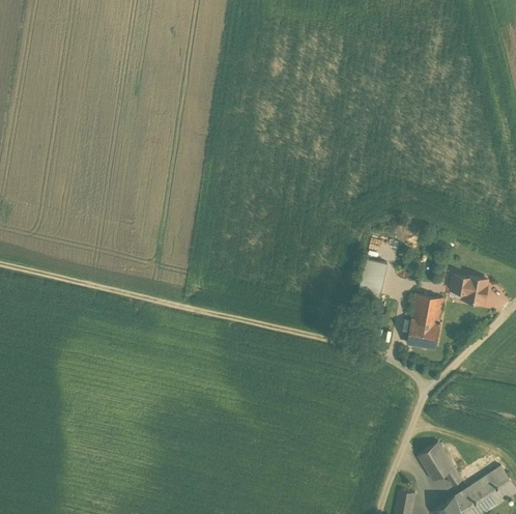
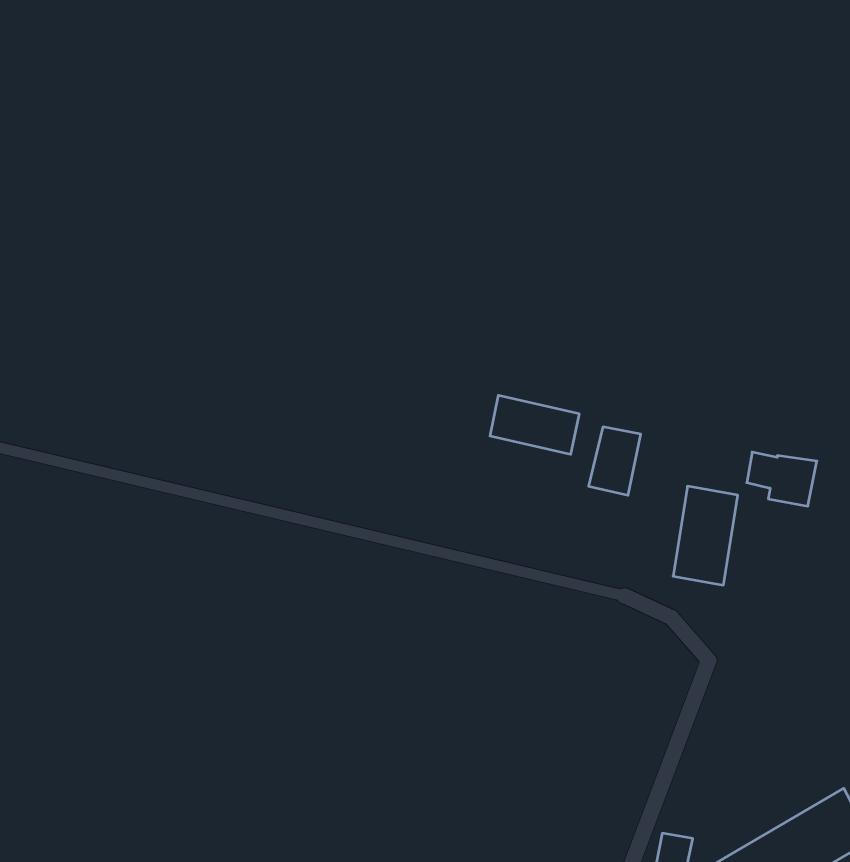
building: none -> [490,395,579,454]
building: [417,440,468,487] -> none

